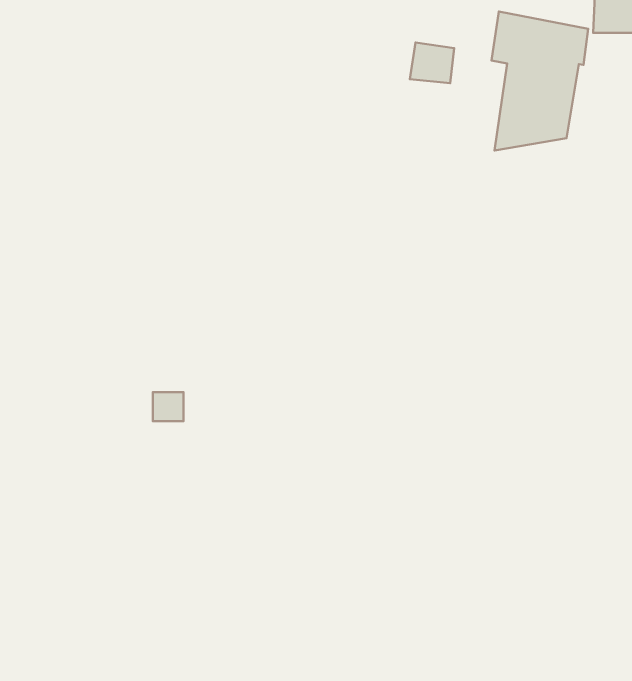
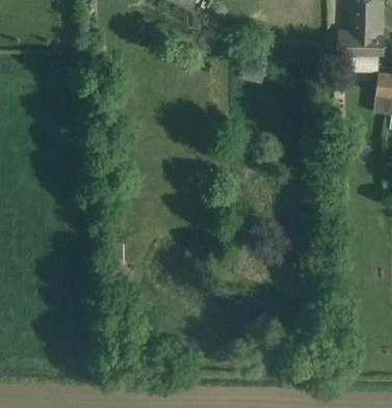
building: [492,11,588,151] -> none

